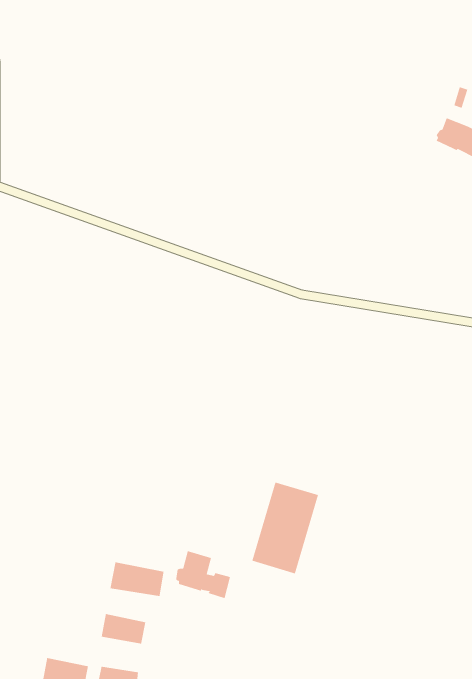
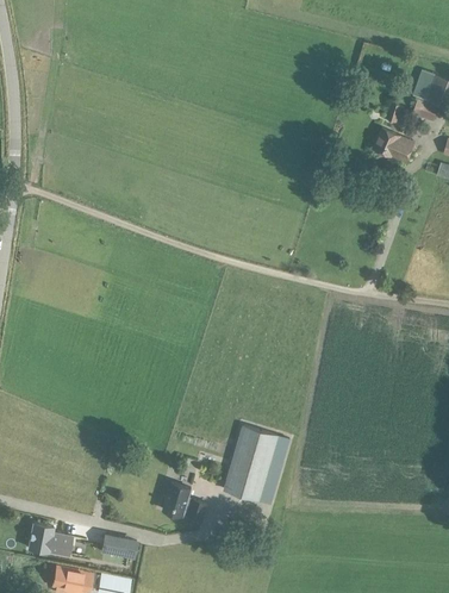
building: [110,561,164,597] -> none
building: none -> [29,524,73,556]

